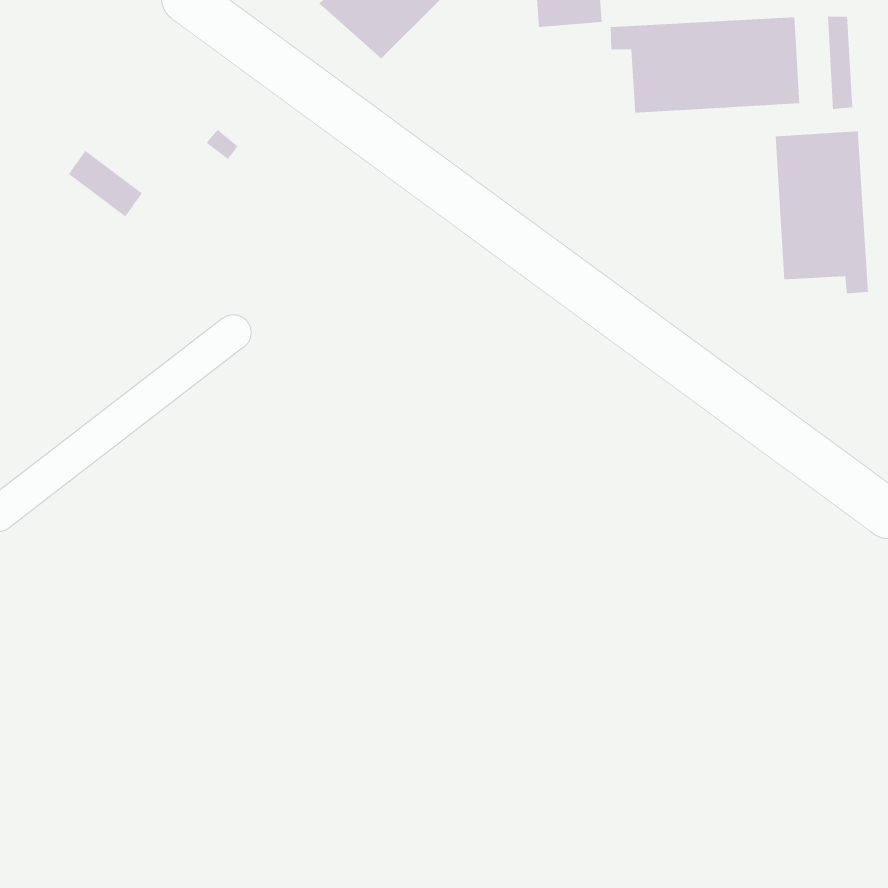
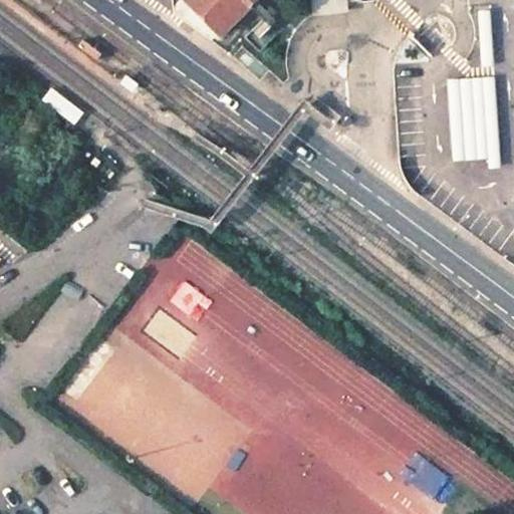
building: [610,17,800,113] -> none

